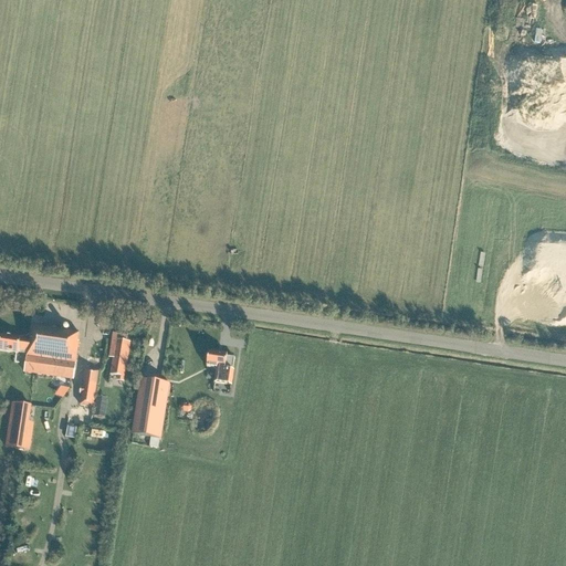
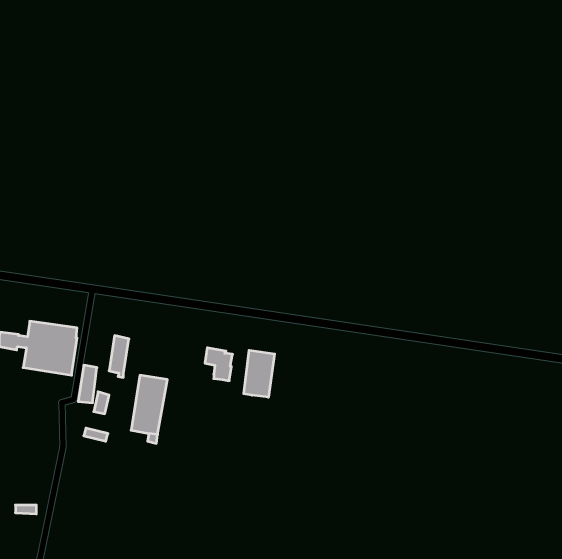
building: none -> [244,350,275,397]
building: [6,401,30,448] -> none

